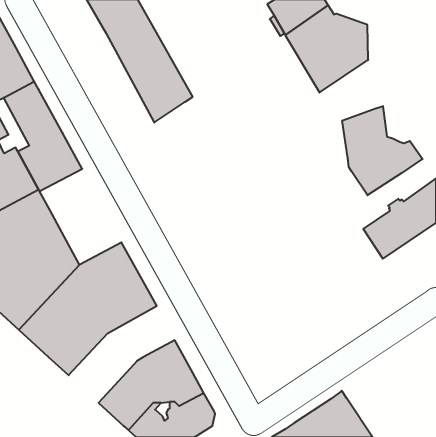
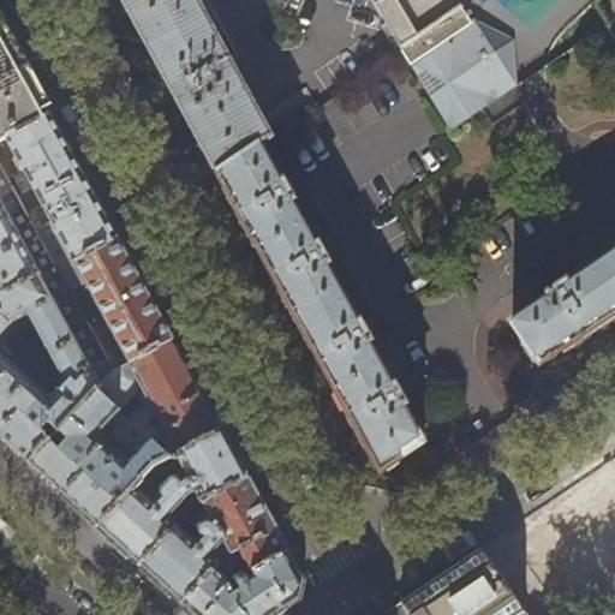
building: none -> [216,143,423,470]
building: [342,106,423,195] -> none
building: none -> [55,237,171,371]
building: none -> [96,429,245,565]

